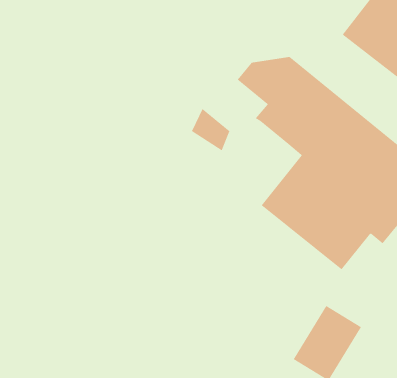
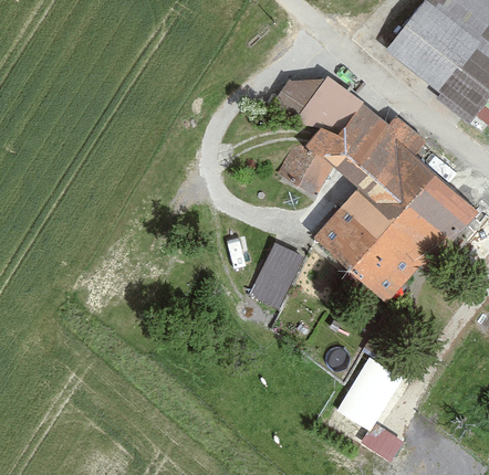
building: [191,108,230,151] -> [284,146,327,193]
building: none -> [251,239,305,306]

